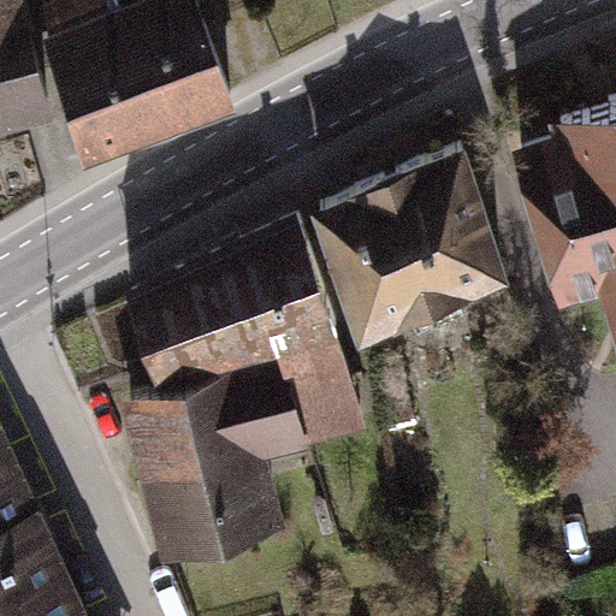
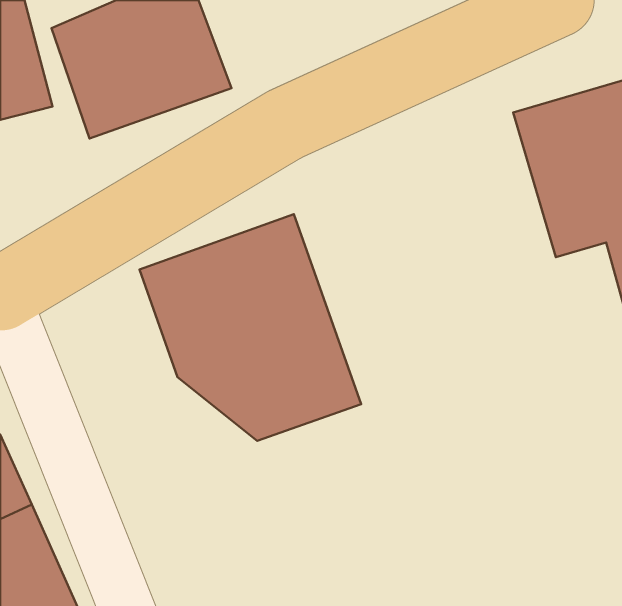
building: [312,156,510,340] -> none
building: [116,390,278,553] -> none

